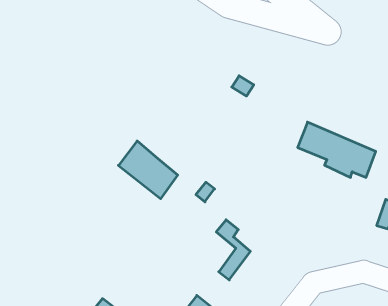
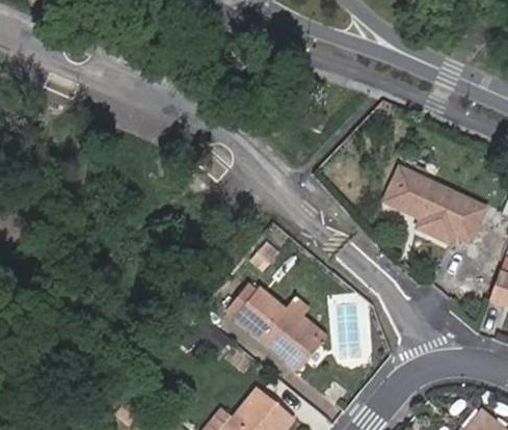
building: [118,141,178,199] -> [232,286,308,359]

